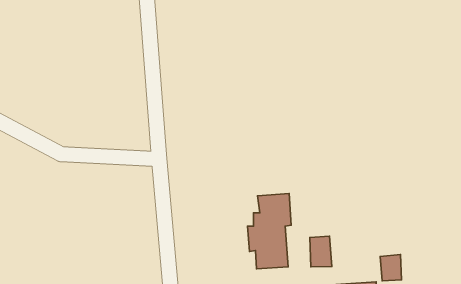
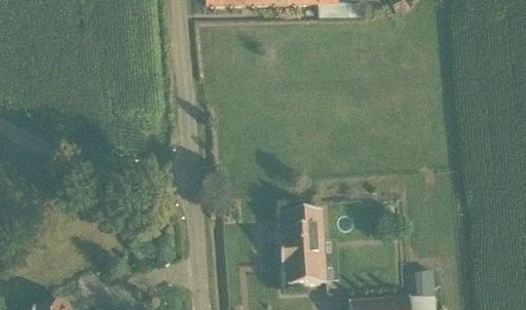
building: [310,236,332,267] -> none

